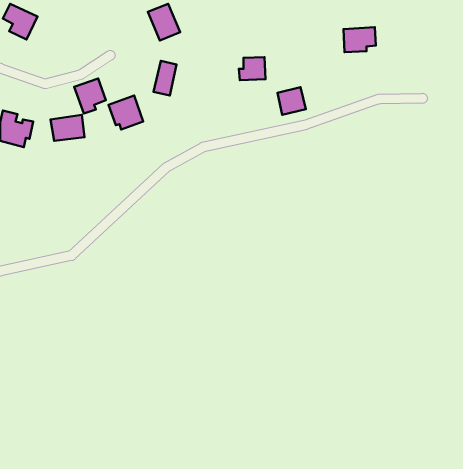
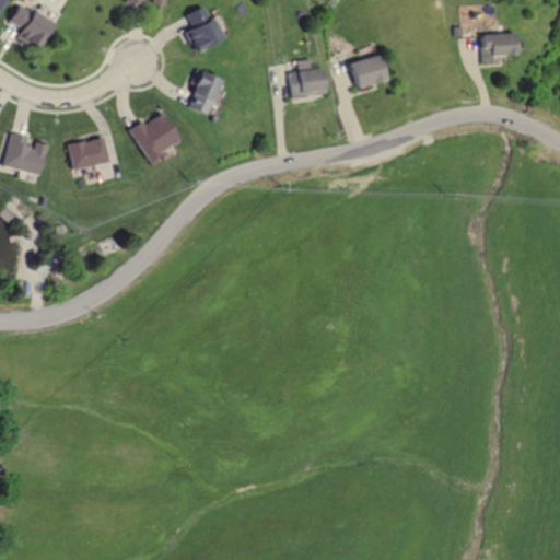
building: [344,27,376,52] -> [480,33,518,62]
building: [74,78,106,113] -> none
building: [277,87,306,115] -> [351,56,385,89]

